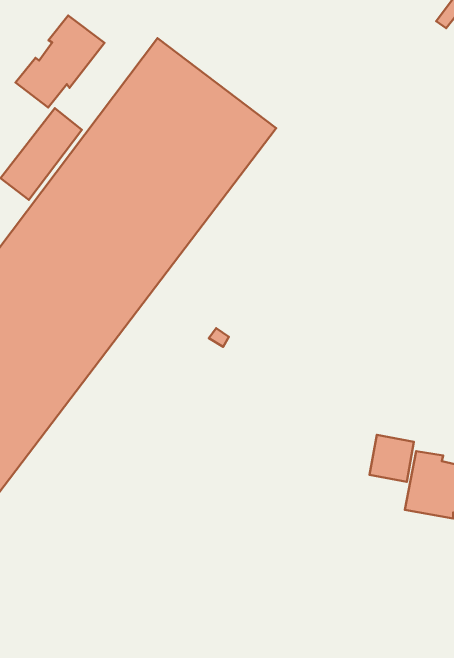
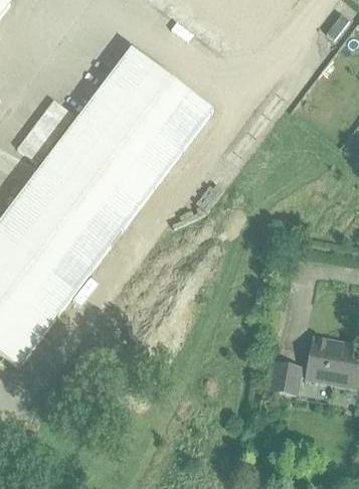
building: [16,16,105,108] -> none
building: [370,435,414,482] -> [270,361,301,394]

